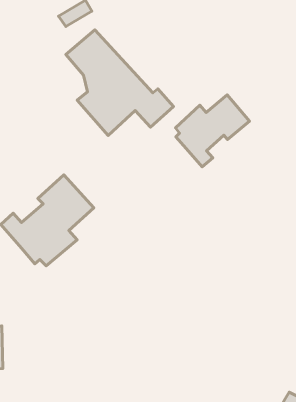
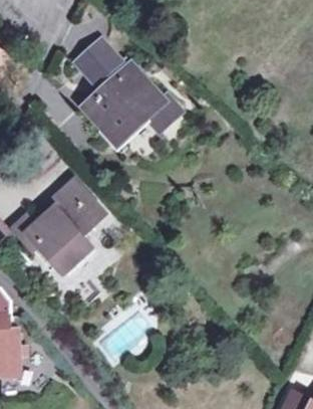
building: [176,95,249,167] -> none

